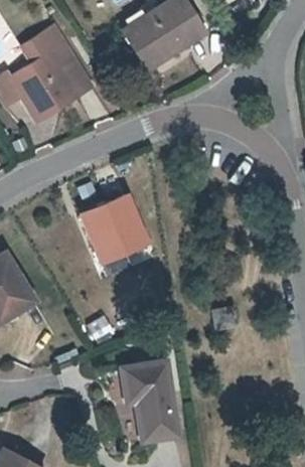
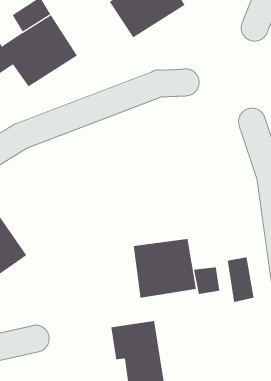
building: [83,197,148,263] -> none
building: none -> [133,238,197,298]
building: none -> [227,256,254,303]

